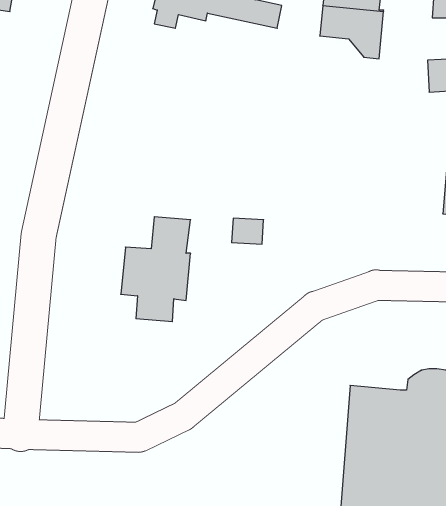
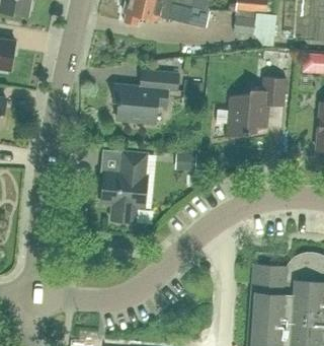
building: none -> [112,70,179,124]
building: none -> [226,76,287,137]

